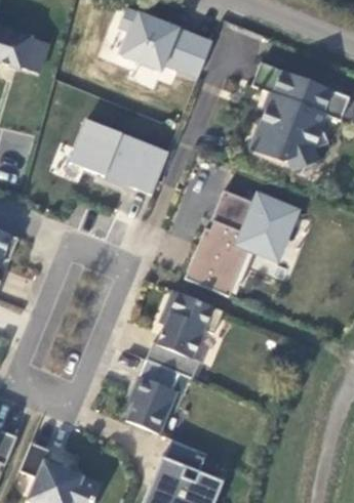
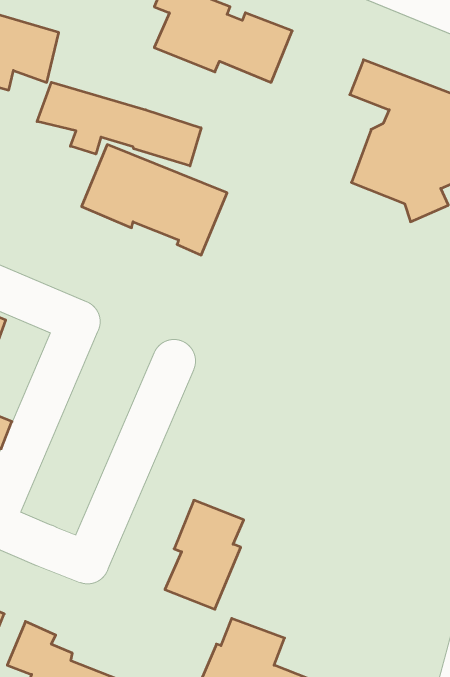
building: none -> [37,82,201,166]
building: [184,191,293,296] -> none
building: [145,290,223,378] -> none

